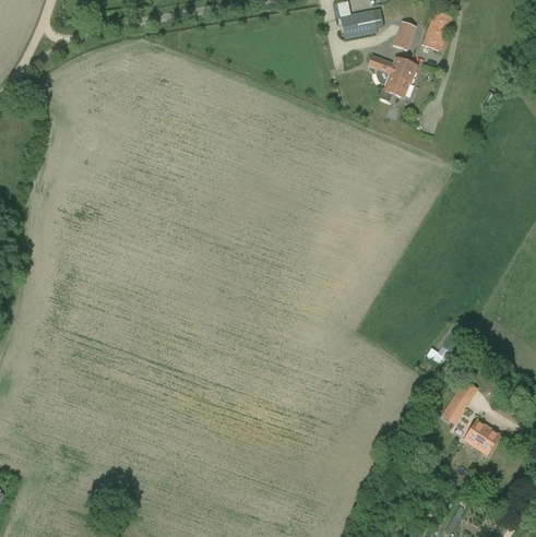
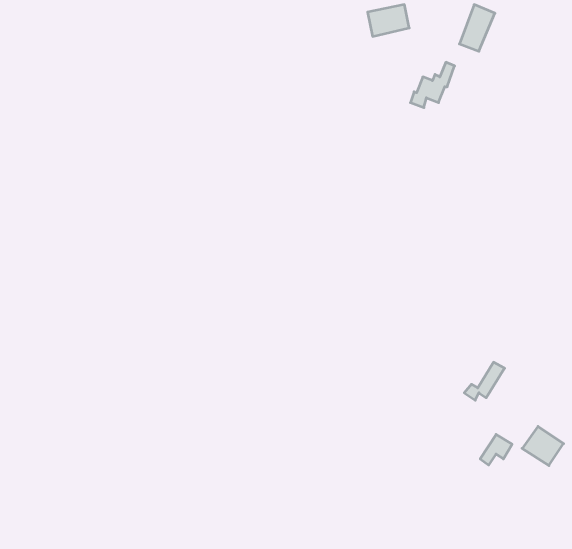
building: [392,21,416,50] -> none
building: [368,53,409,77] -> none
building: [463,419,500,454] -> [522,426,564,466]

